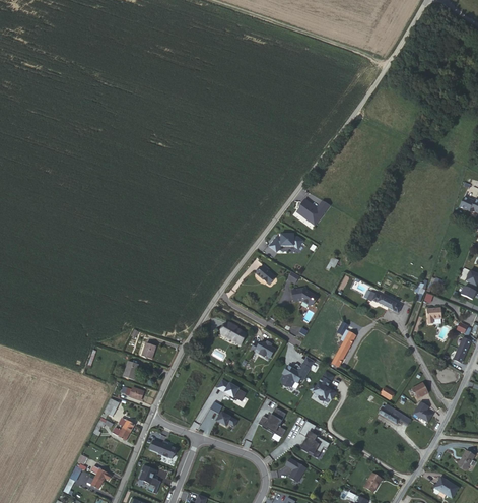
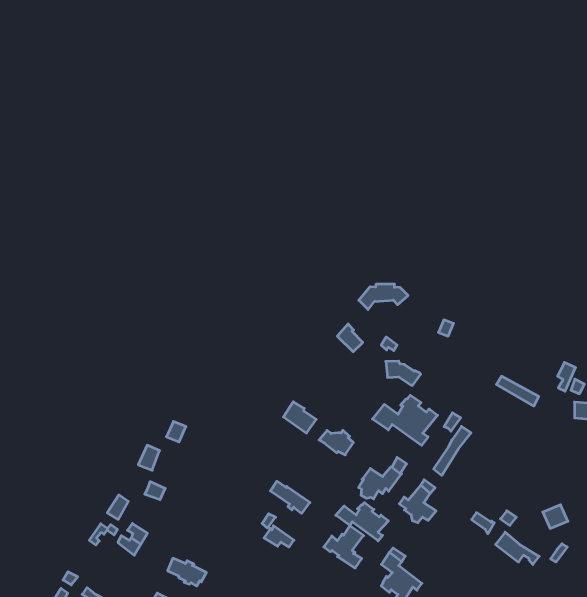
building: [297,200,331,227] -> none
building: none -> [372,395,438,445]
building: none -> [336,503,388,541]

